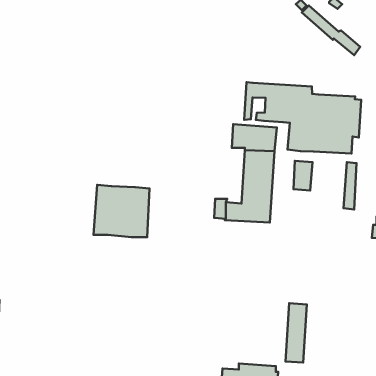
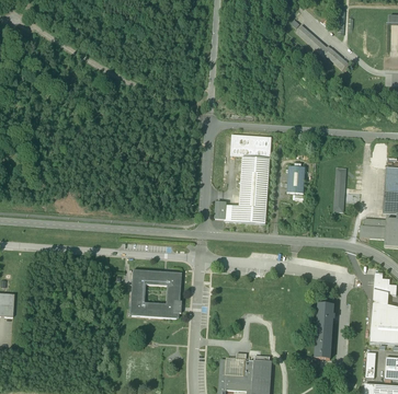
building: [244,82,361,154] -> none
building: [94,185,149,237] -> [130,270,182,318]
building: [285,303,307,363] -> [315,303,334,358]

